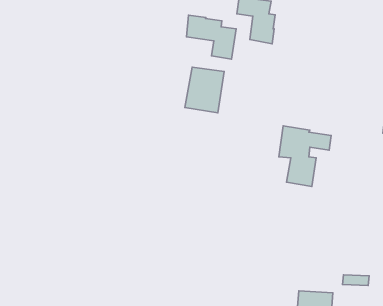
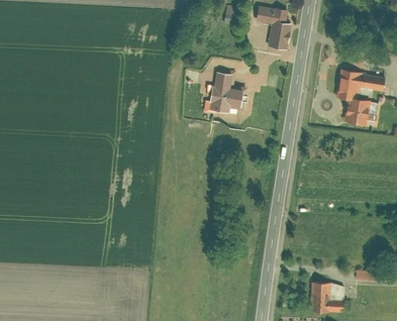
building: [187,15,236,59] -> none
building: [279,126,331,186] -> [335,70,385,127]

